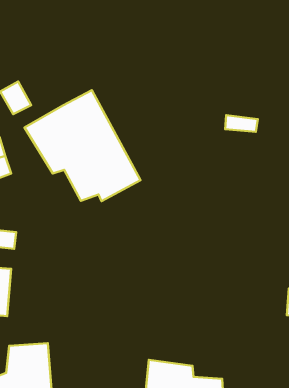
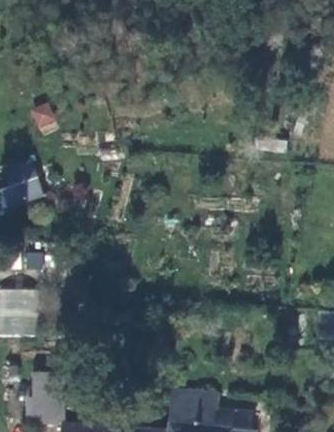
building: [24,90,140,201] -> none

